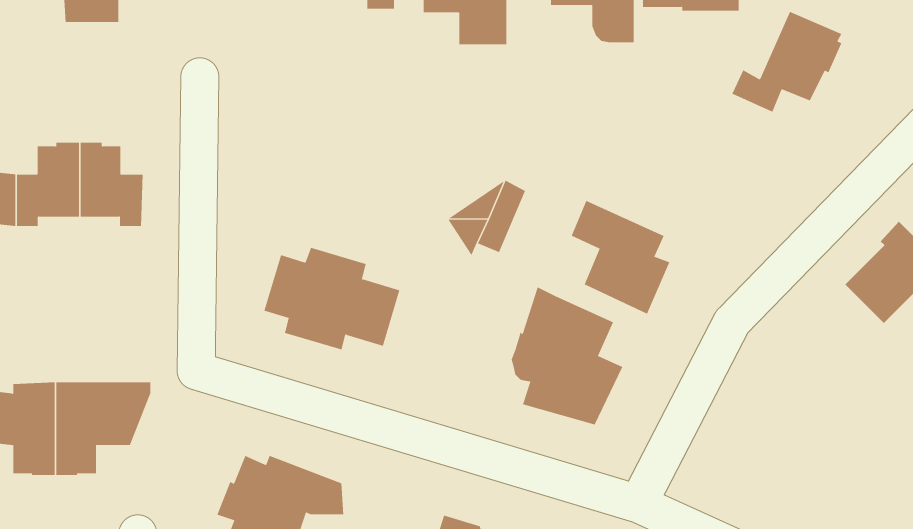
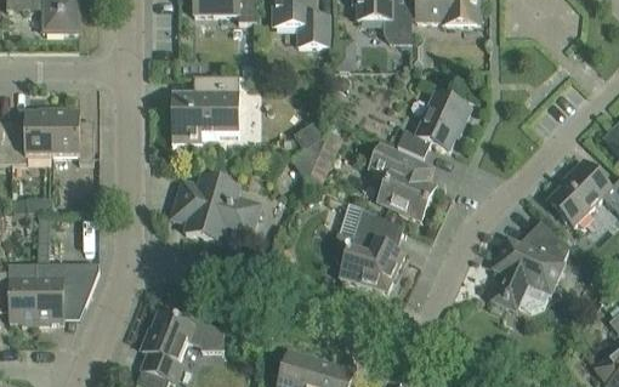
building: [732,11,842,112] -> [397,90,468,155]
building: none -> [171,74,239,143]
building: none -> [492,227,568,309]

